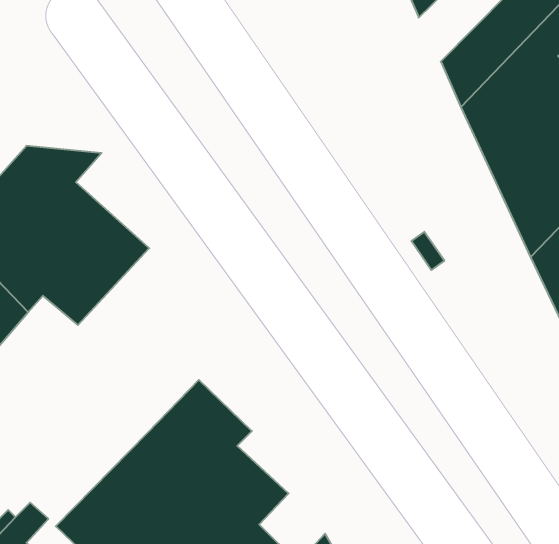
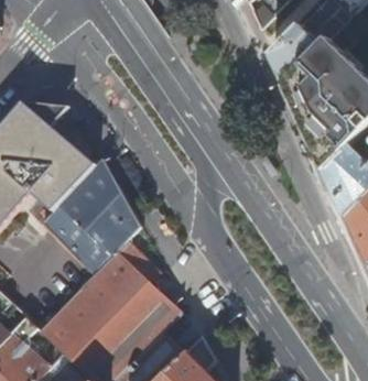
building: none -> [42,160,141,277]

